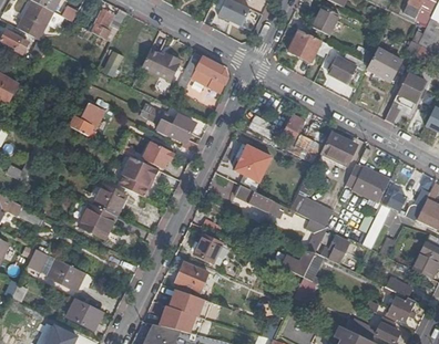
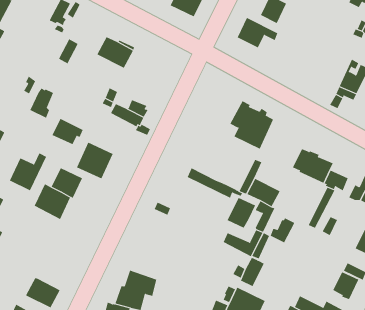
building: [367,46,402,80] -> none
building: [176,52,228,95] -> none
building: [333,59,363,87] -> none
building: [321,133,353,165] -> none
building: [142,140,175,168] -> [52,118,83,145]
building: [233,145,270,181] -> none
building: none -> [9,152,47,191]
building: none -> [227,197,256,229]
building: [194,234,226,265] -> none
building: [48,258,85,290] -> none
building: [175,263,207,292] -> none

